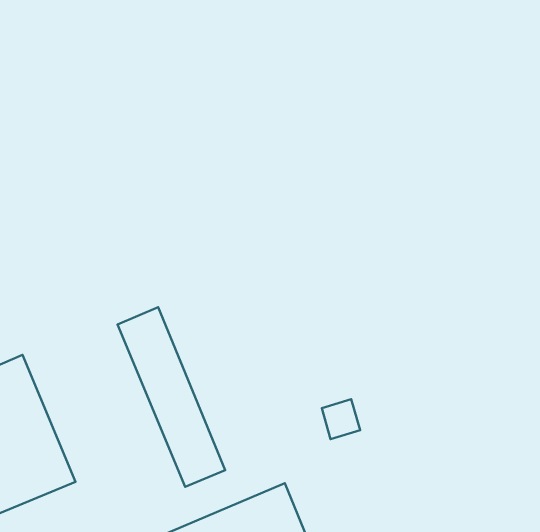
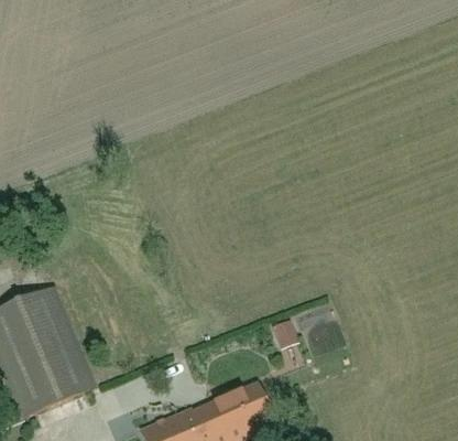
building: [117,307,225,487] -> none

